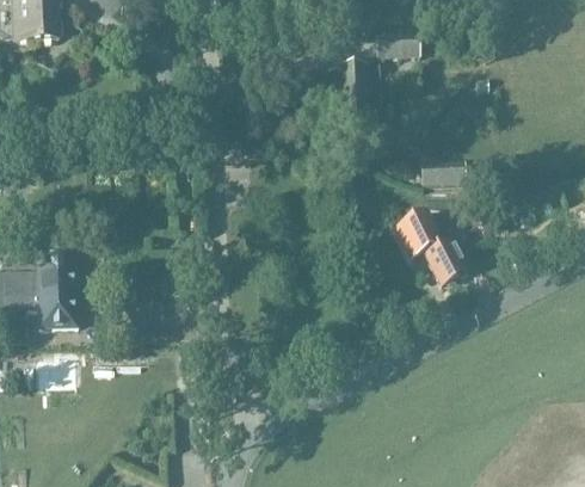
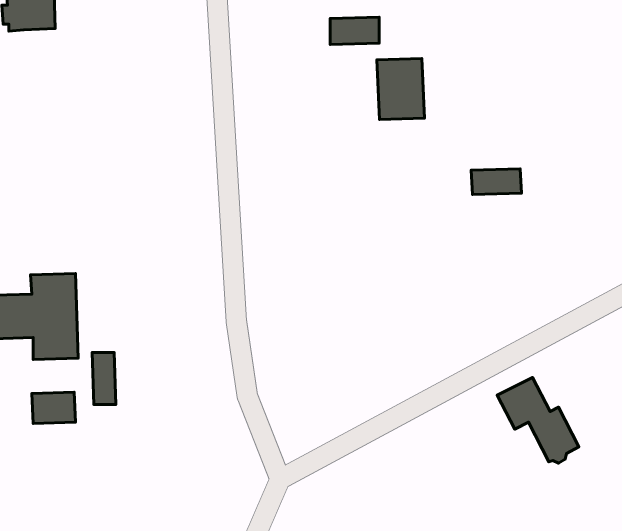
building: [376,33,419,57] -> [330,17,379,45]
building: [395,211,467,286] -> [497,377,579,463]
building: none -> [92,353,116,405]

